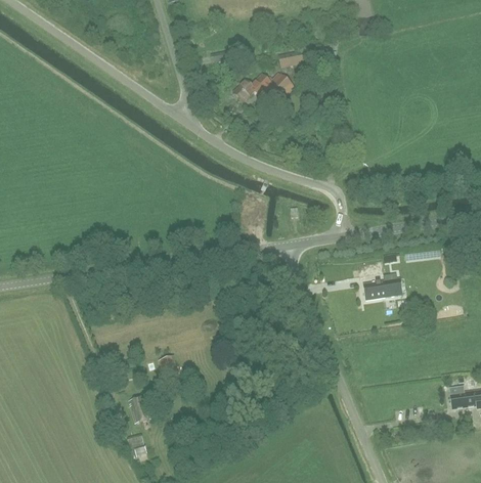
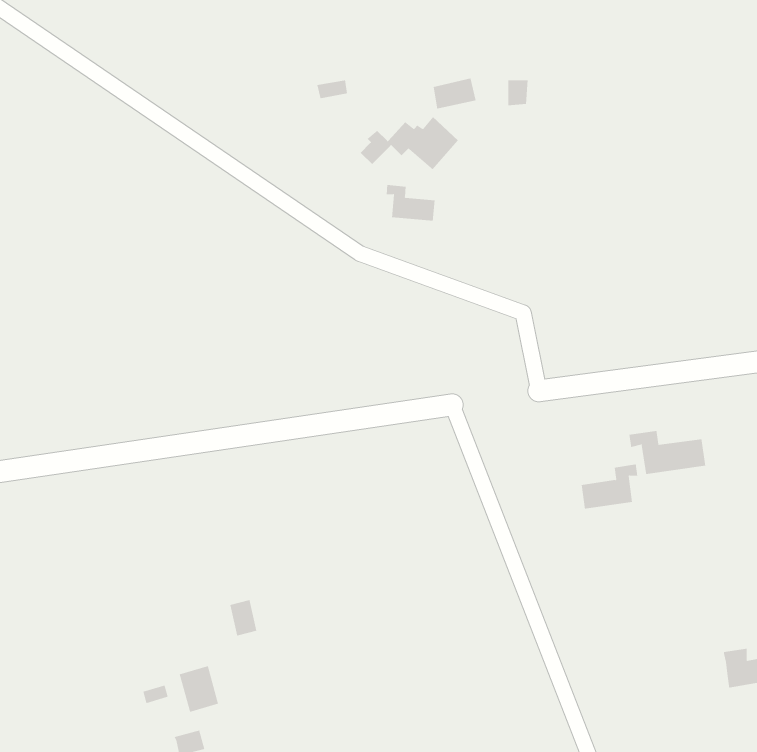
building: none -> [386,184,435,221]
building: none -> [629,430,706,475]

